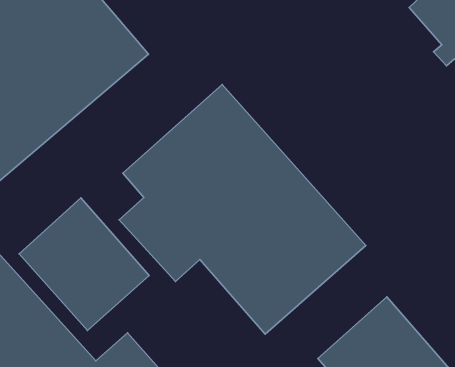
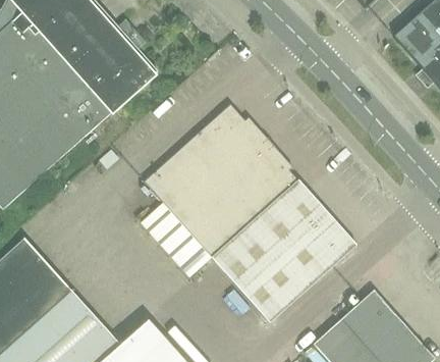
building: [19,198,149,330] -> none

